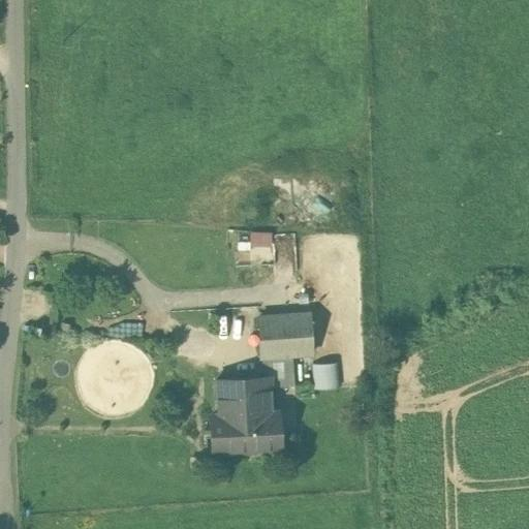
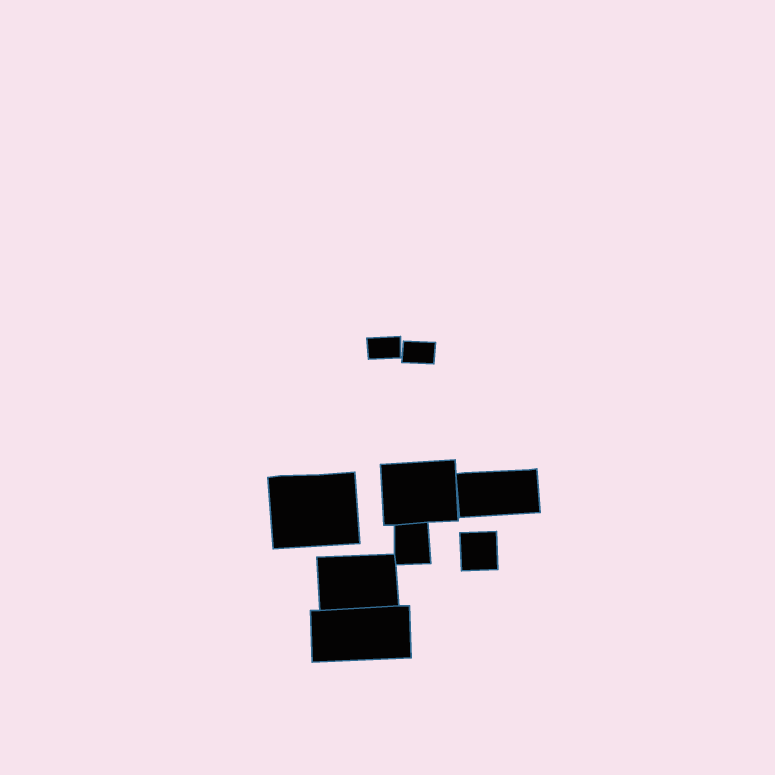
building: none -> [456,469,540,517]
building: none -> [268,472,360,549]

